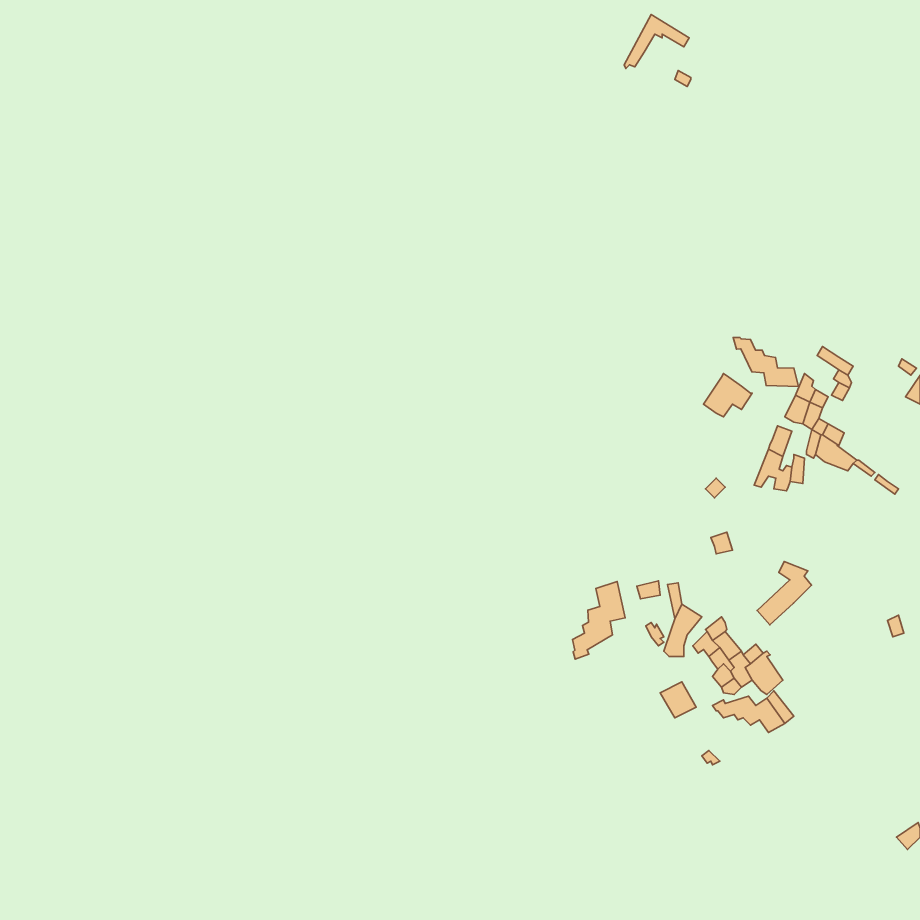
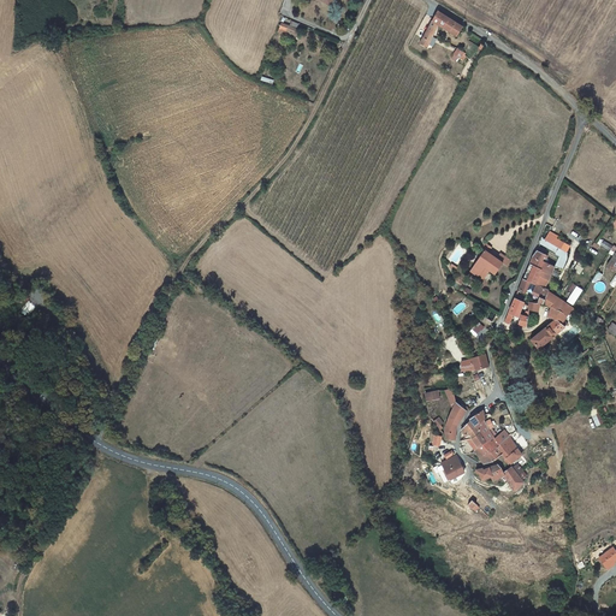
building: [733,337,798,386] -> none
building: [757,562,811,625] -> [532,308,568,350]
building: [573,581,625,659] -> none

